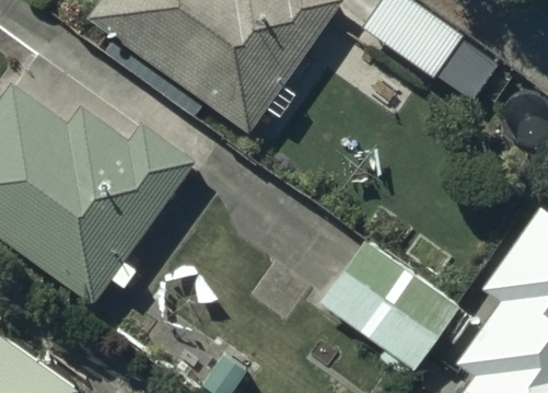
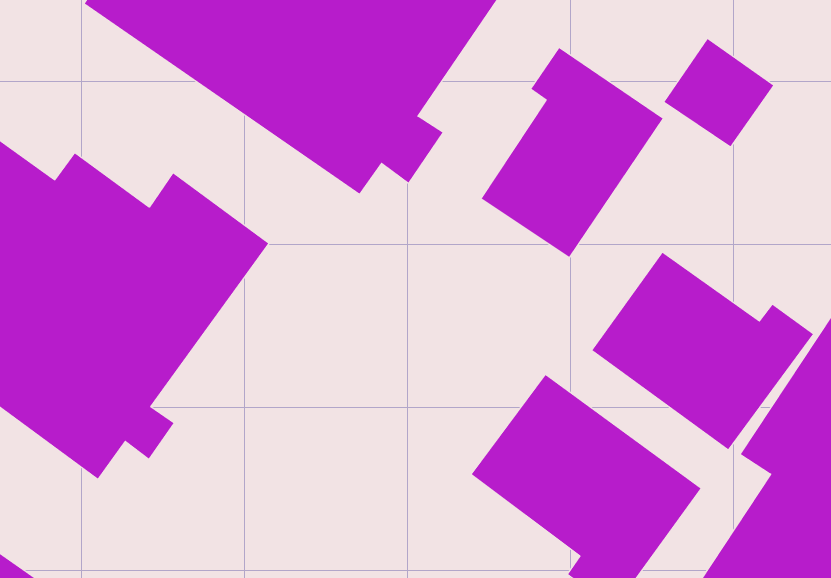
building: none -> [481,47,664,258]
building: none -> [592,252,814,450]

